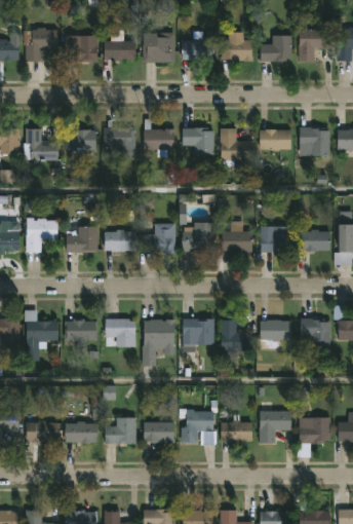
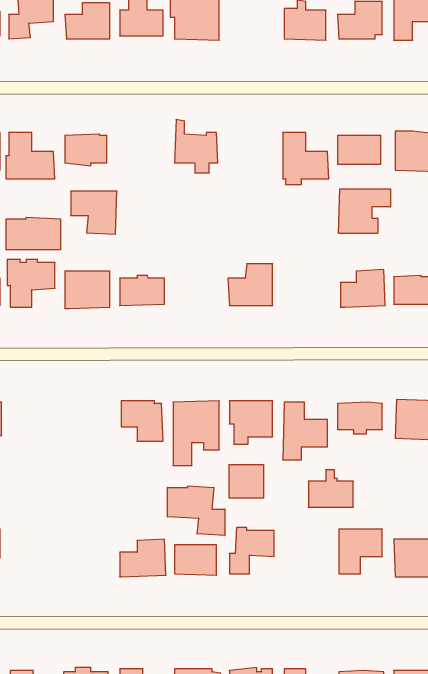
building: [182,39,212,61] -> none
building: [103,127,135,158] -> [71,191,117,234]
building: [182,127,213,154] -> none
building: none -> [339,189,390,233]
building: none -> [6,217,60,250]
building: [222,222,252,253] -> none
building: [143,223,175,254] -> none
building: [24,310,56,340] -> none
building: [66,320,96,348] -> none
building: none -> [229,465,263,498]
building: none -> [167,486,225,536]
building: [221,415,252,442] -> [308,470,353,507]
building: [65,421,96,445] -> none
building: [26,422,56,443] -> none

